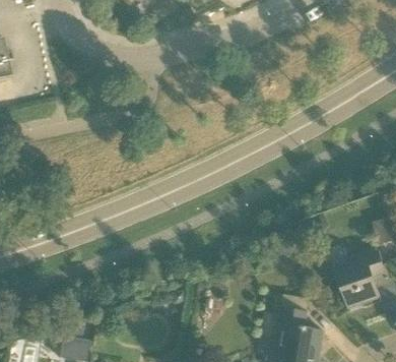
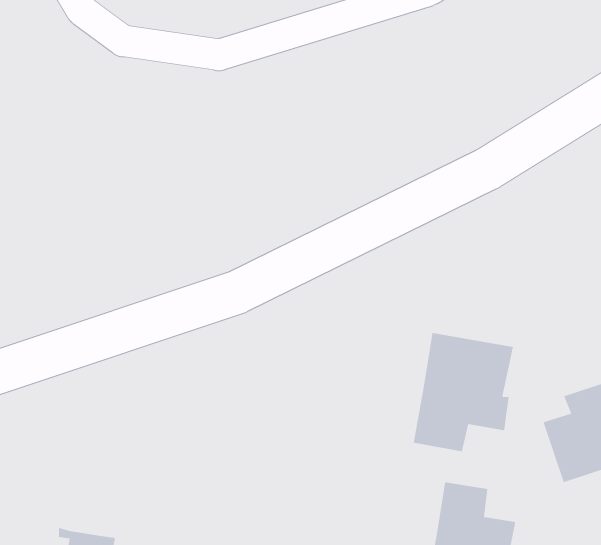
building: none -> [413,332,514,452]

